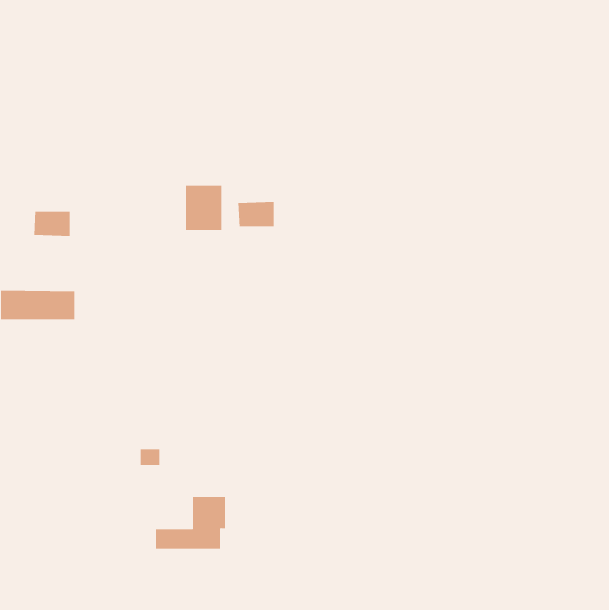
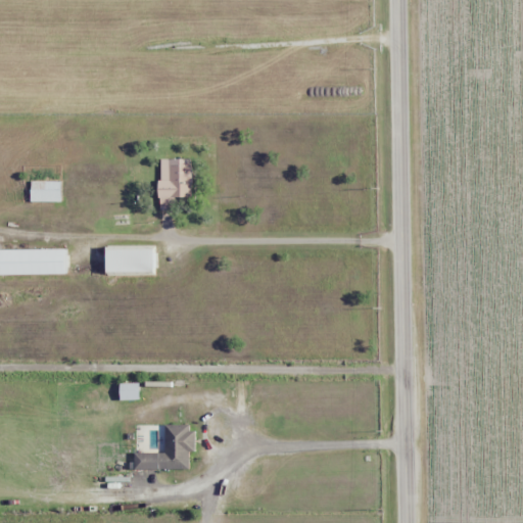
building: [238,201,274,227] -> none
building: none -> [105,247,154,273]

